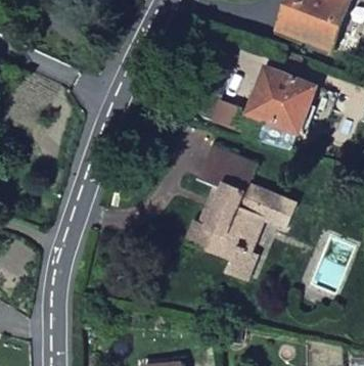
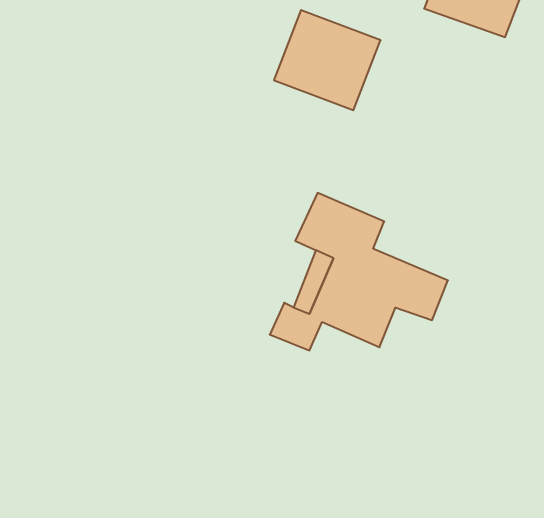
building: [248,66,317,131] -> [274,10,381,110]
building: [207,230,260,281] -> none

